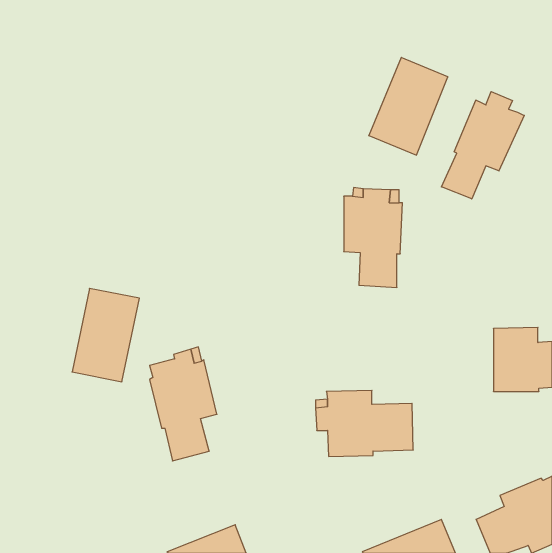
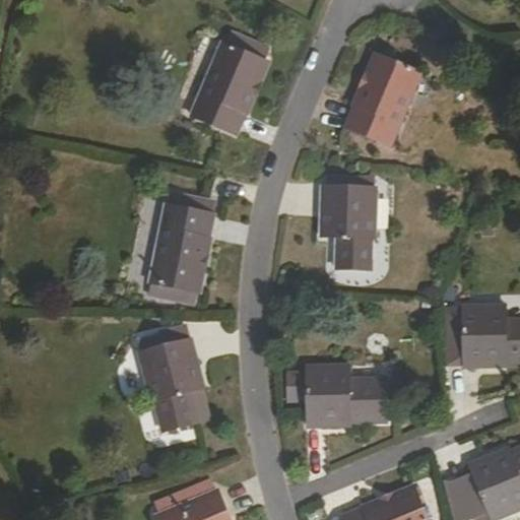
building: none -> [191,43,266,134]
building: [441,92,524,199] -> none
building: [72,288,139,382] -> [150,206,213,294]

